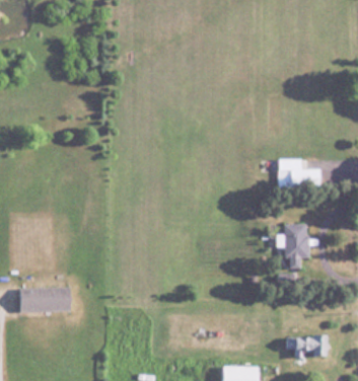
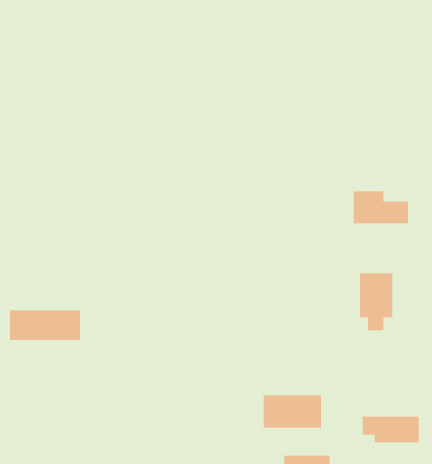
building: [18,288,74,312] -> [9,309,81,341]
building: none -> [263,394,322,429]

